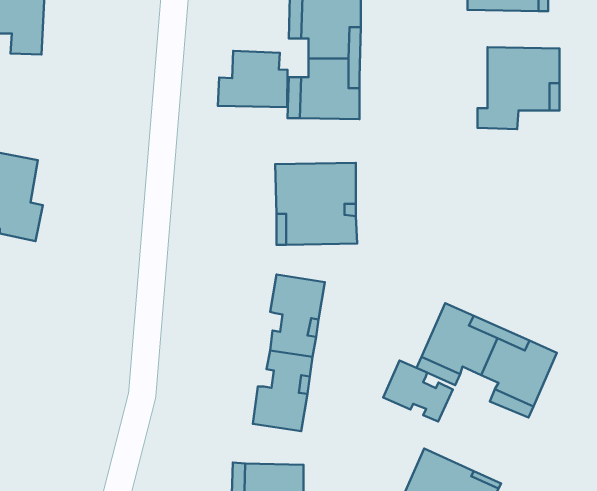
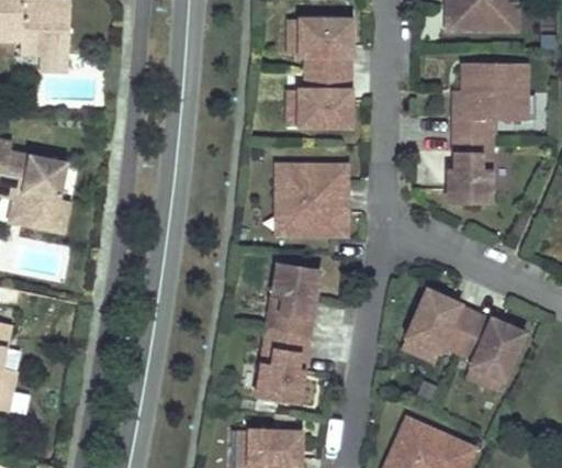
building: [218,51,288,107] -> none
building: none -> [448,133,492,202]
building: [383,361,453,421] -> none

